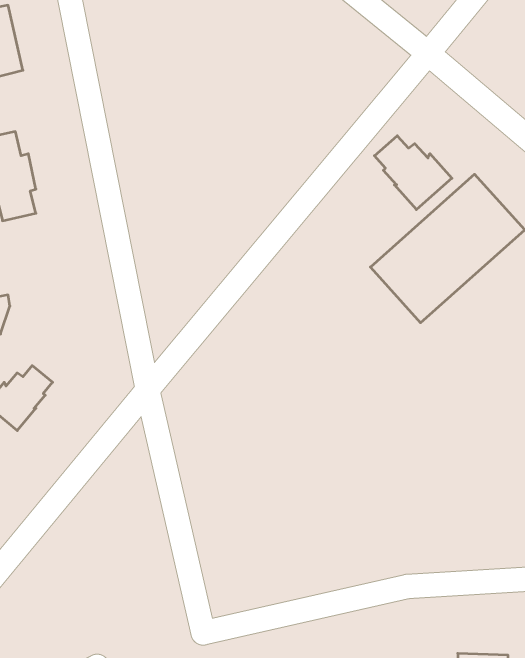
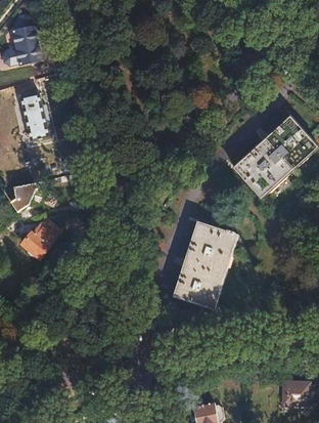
building: [374,136,452,210] -> none
building: none -> [174,223,237,309]

